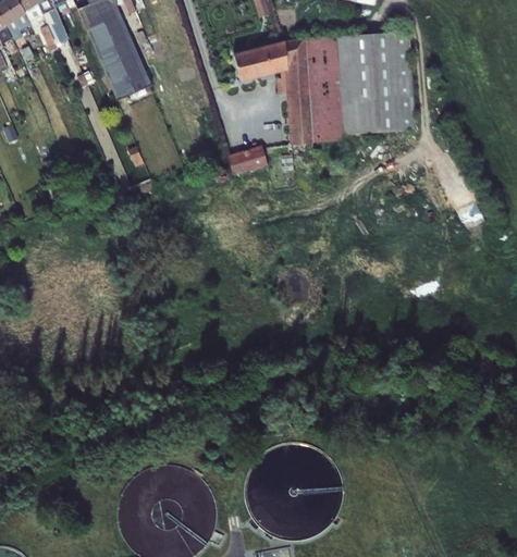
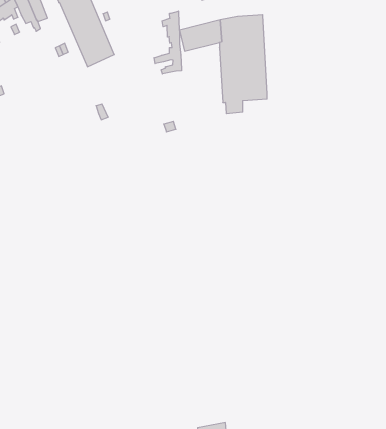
building: none -> [154,11,182,74]
building: [337,30,416,133] -> none
building: [227,146,267,173] -> none

